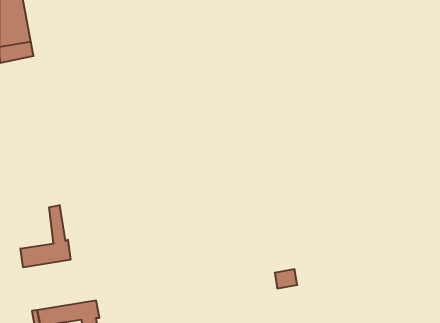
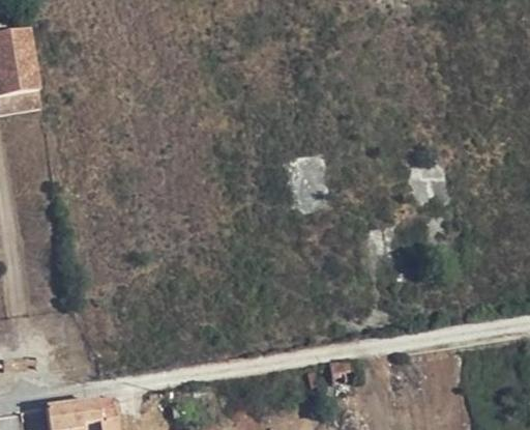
building: [21,205,71,267] -> none

